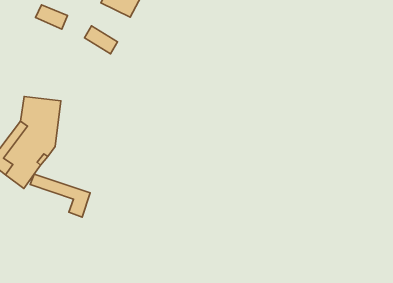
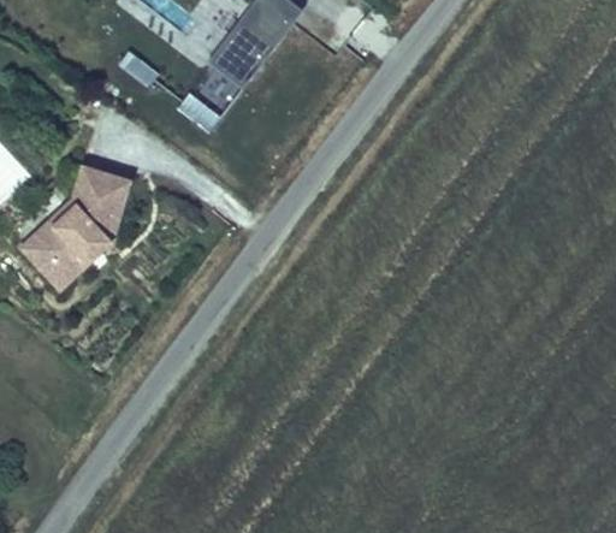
building: [30,174,90,217] -> none

